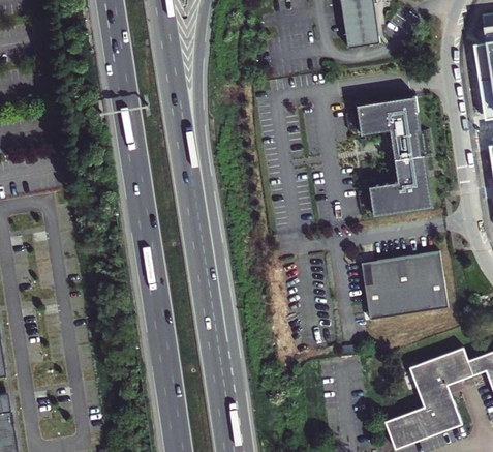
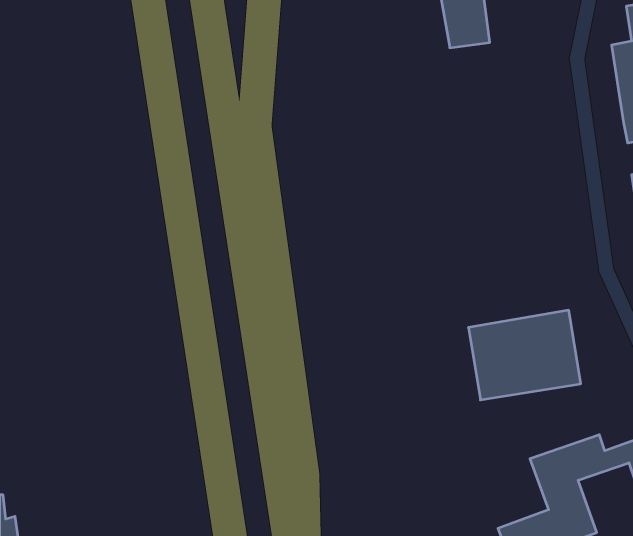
building: [357,96,433,216] -> none

